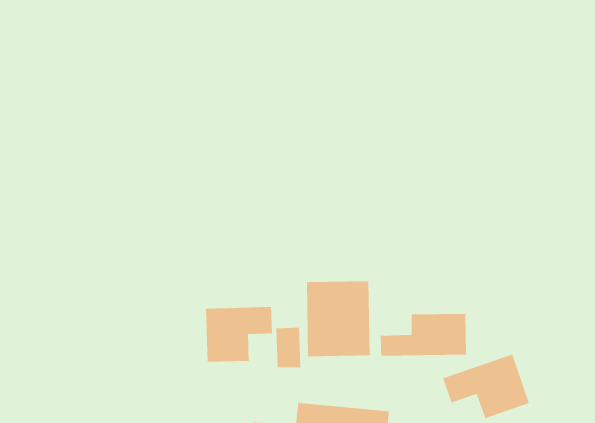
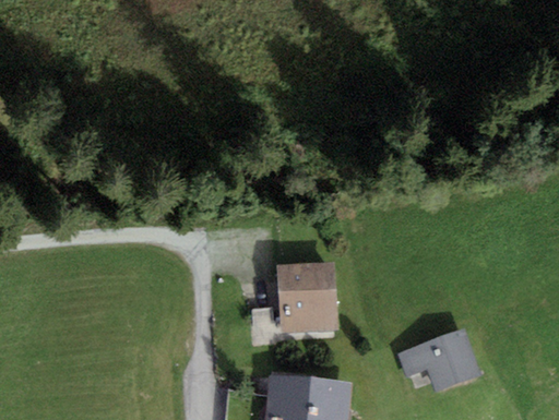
building: [205,306,273,363] -> none
building: [380,313,467,357] -> none

